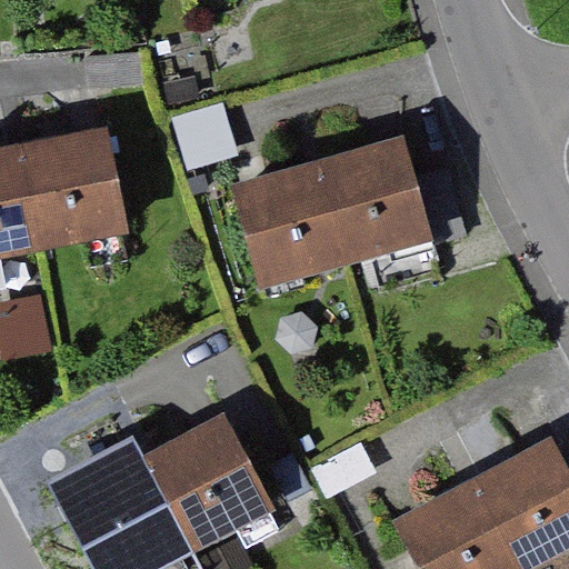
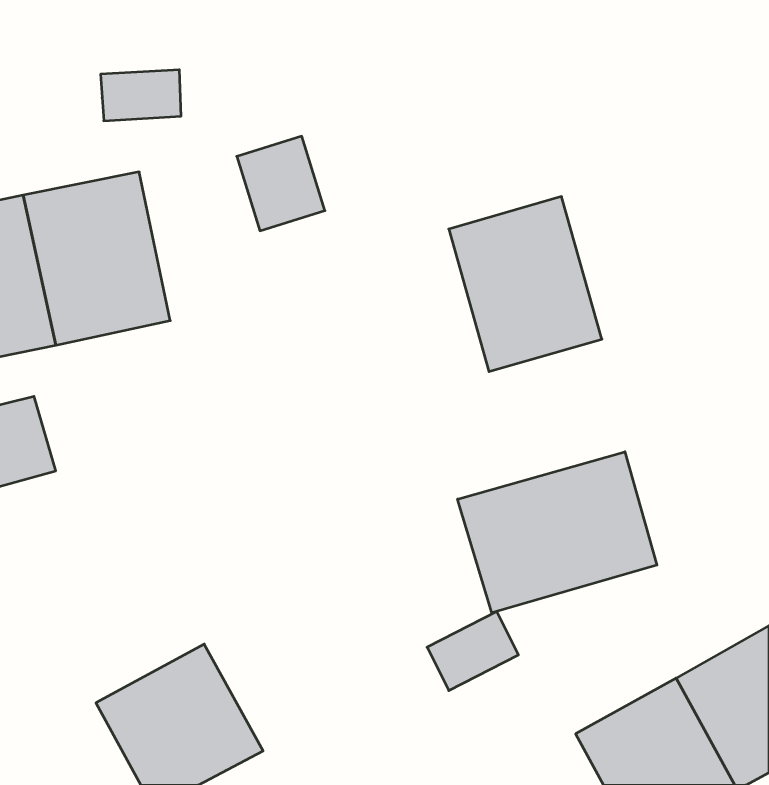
building: [240,164,351,290] -> none
building: none -> [458,452,657,613]
building: [147,419,268,539] -> none

